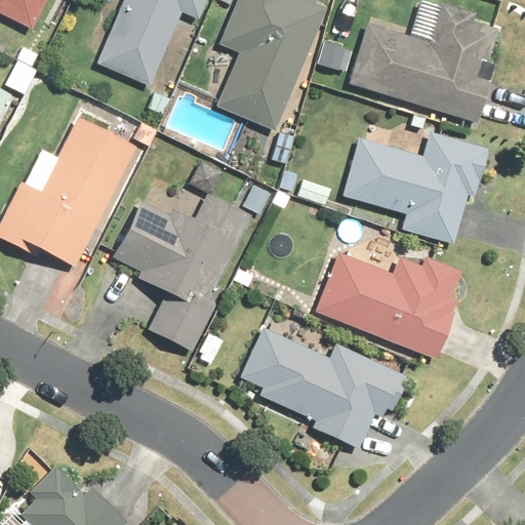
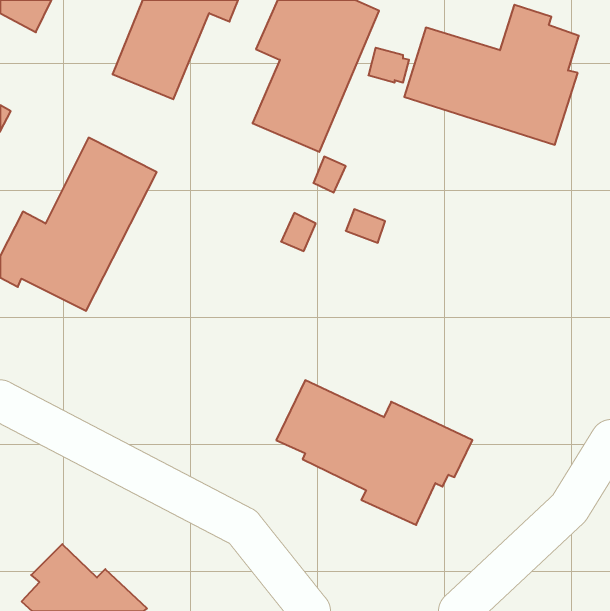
building: [342,132,488,245] -> none
building: [113,194,250,351] -> none
building: [315,252,462,358] -> none

